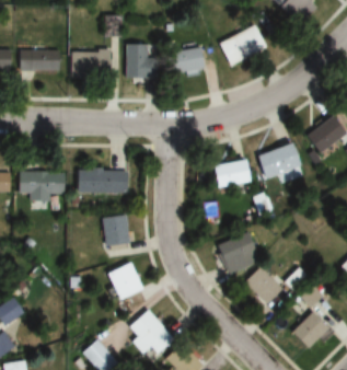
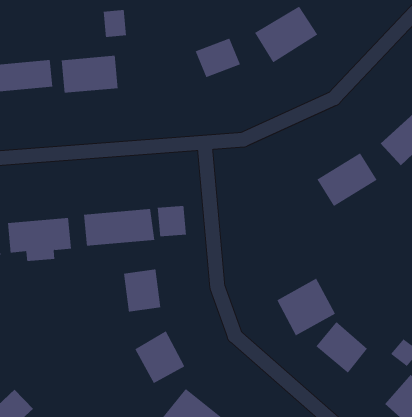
building: [126,44,151,80] -> none
building: [212,159,248,187] -> none
building: none -> [157,205,186,237]

